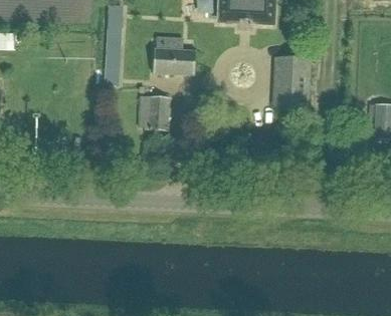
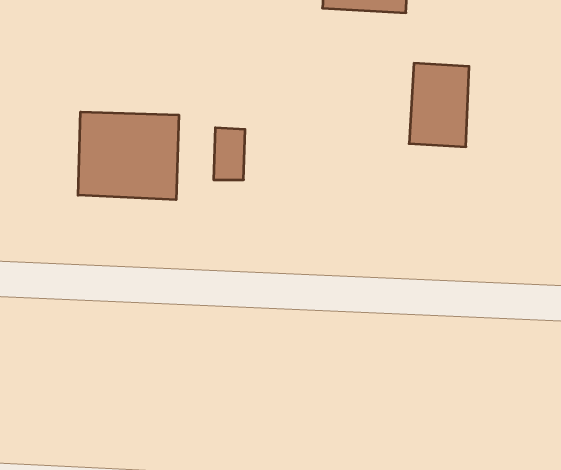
building: [151,35,194,73] -> none
building: none -> [78,112,179,200]

